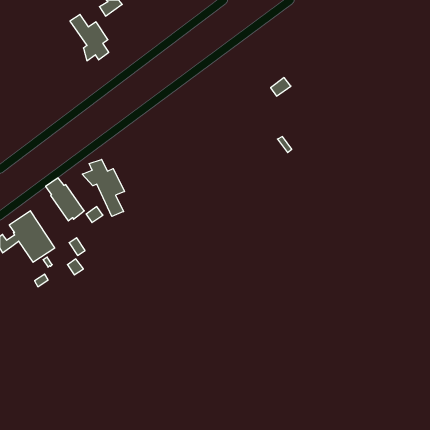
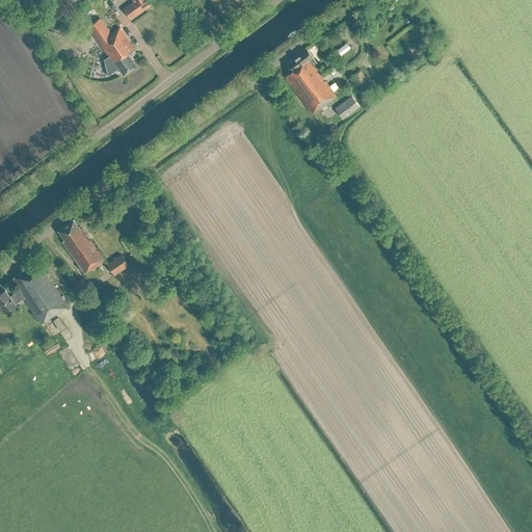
building: none -> [284,50,336,113]
building: [82,159,124,216] -> none

